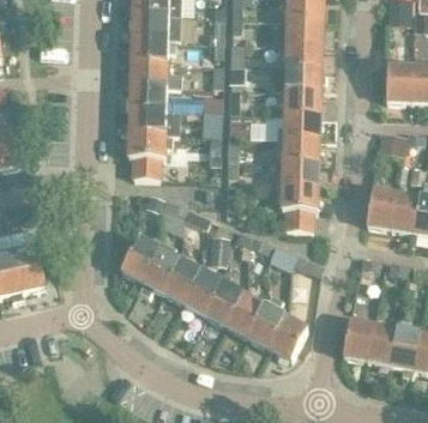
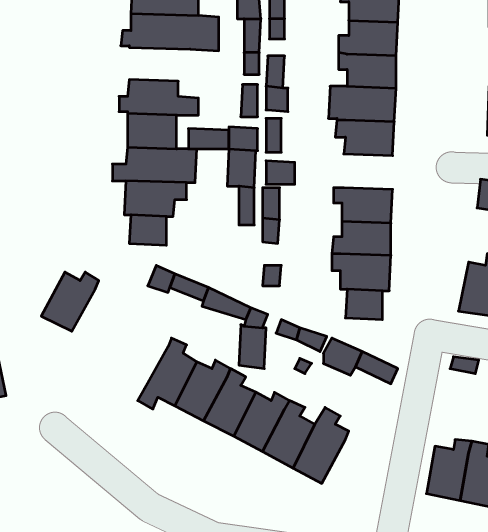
building: [132,38,175,62] -> none
building: [265,114,319,139] -> none
building: [121,238,162,280] -> [41,272,99,331]
building: [269,310,307,359] -> none

